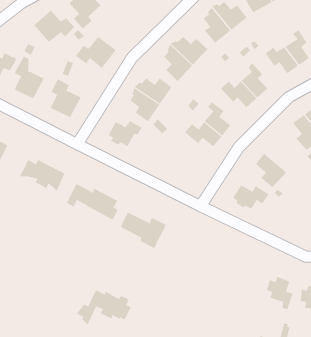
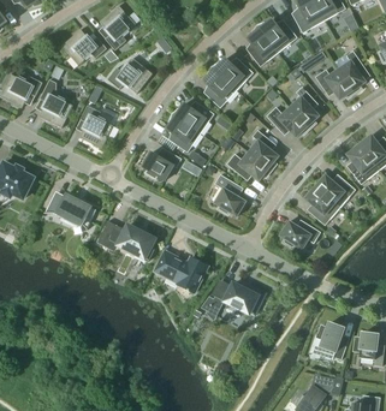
building: none -> [214,174,245,216]
building: none -> [314,174,355,208]
building: [76,290,132,326] -> [200,281,261,321]

